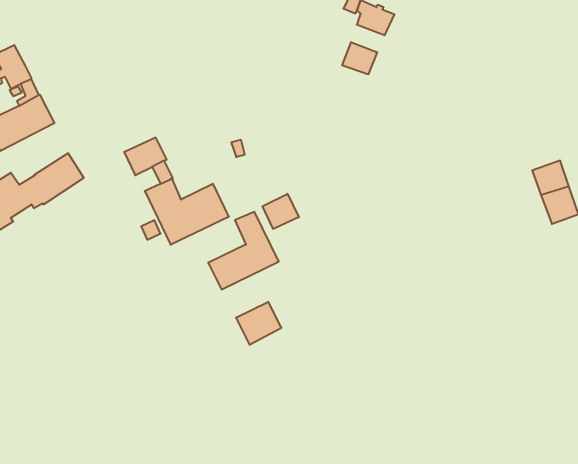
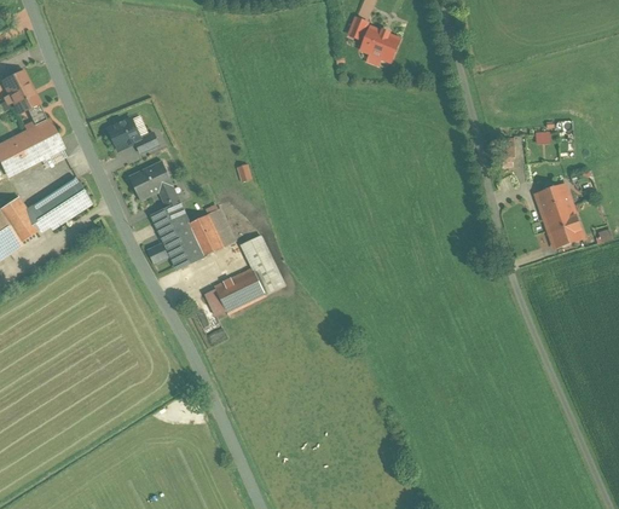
building: [342,42,377,74] -> none
building: none -> [108,117,140,149]
building: [263,194,299,229] -> none
building: [236,302,281,345] -> none

